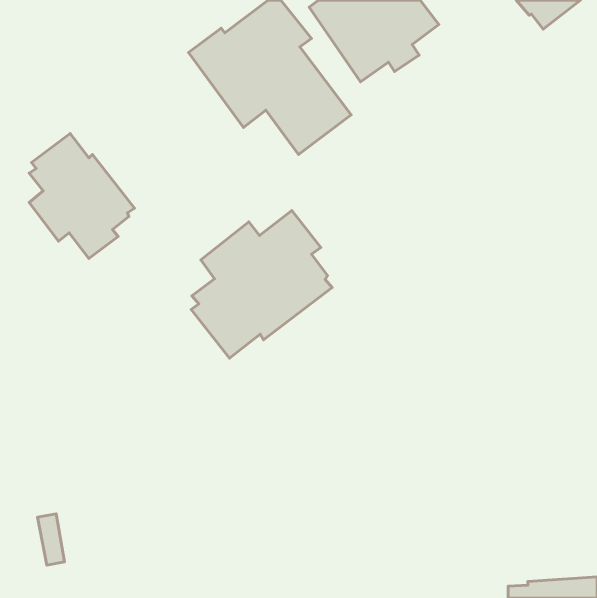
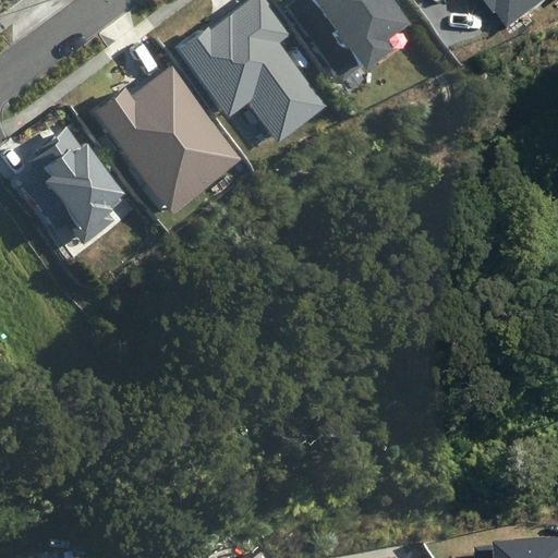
building: none -> [93,64,245,215]
building: [191,211,332,358] -> none

